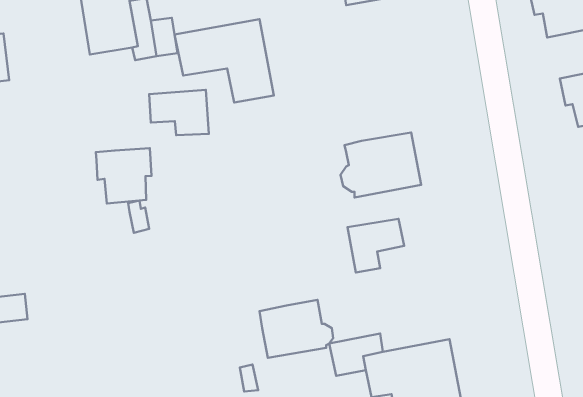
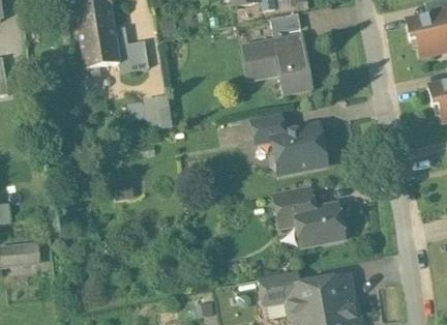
building: [175,19,274,103] -> [240,34,312,95]
building: none -> [252,116,284,143]
building: [96,148,152,203] -> none
building: [259,300,333,358] -> [295,204,349,246]

